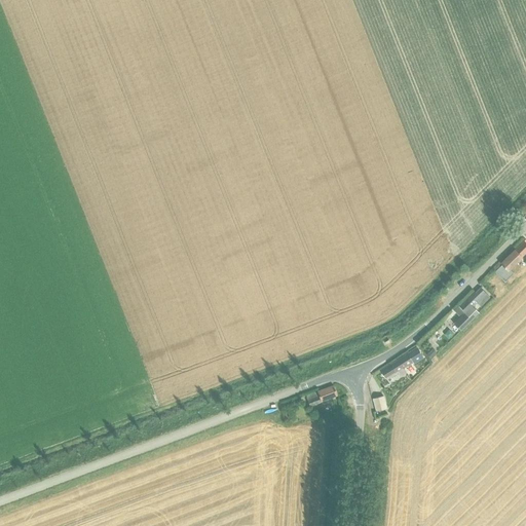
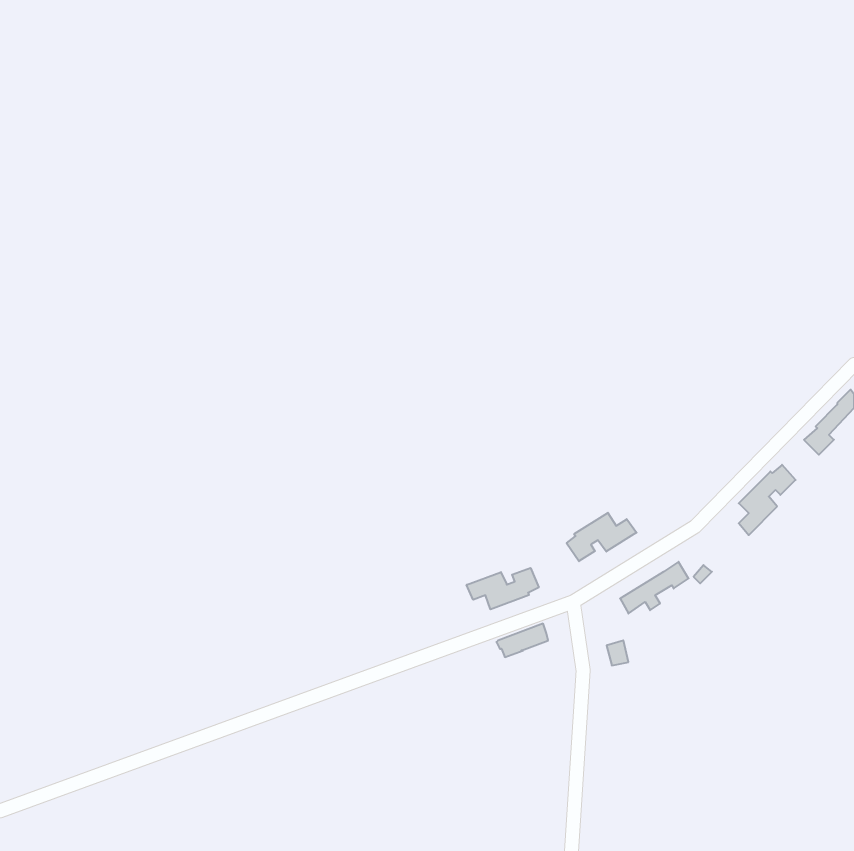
building: none -> [567,513,637,561]
building: none -> [467,568,539,609]

